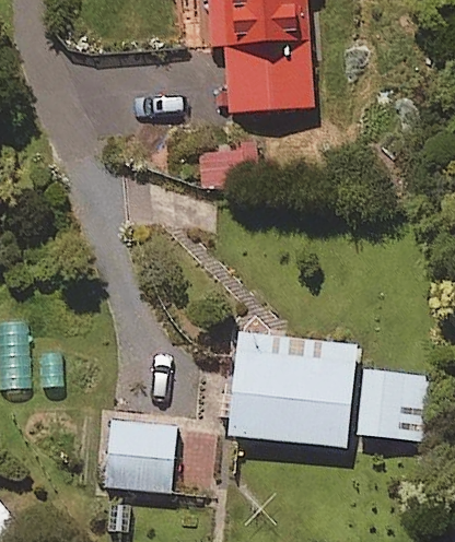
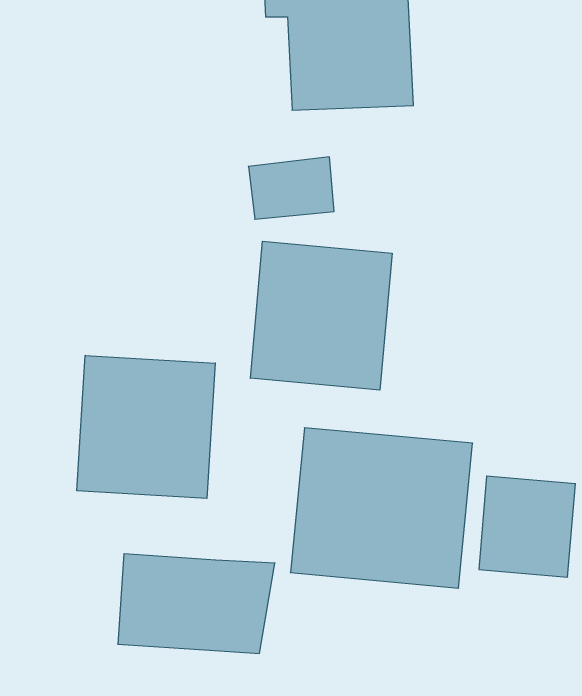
building: none -> [250,241,392,390]
building: none -> [77,355,215,498]

